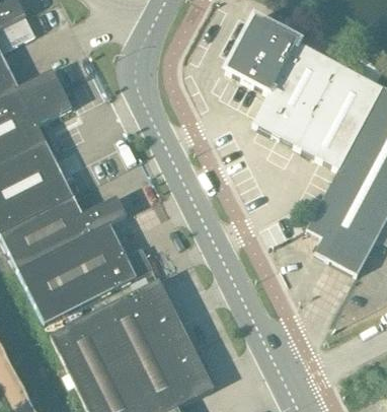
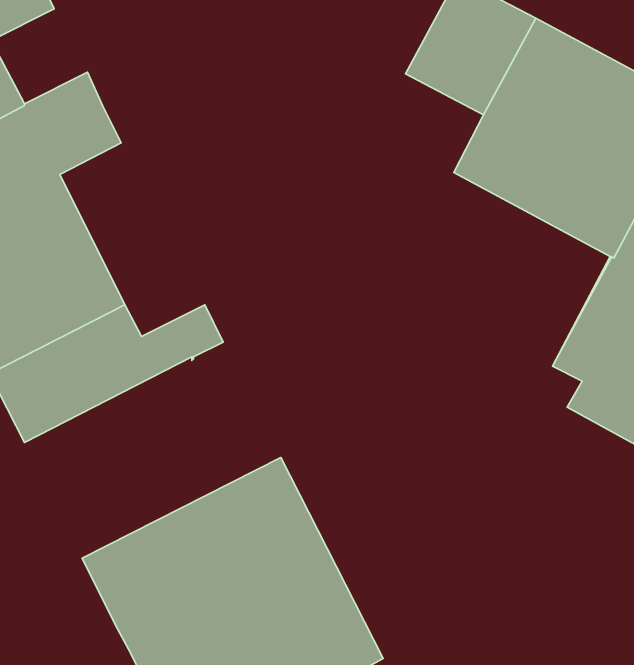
building: [18,224,153,324] -> none

